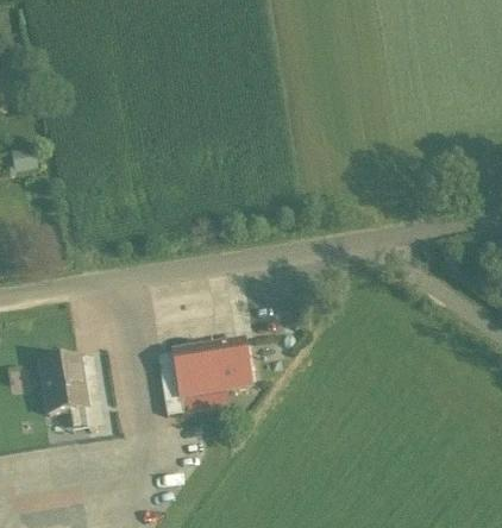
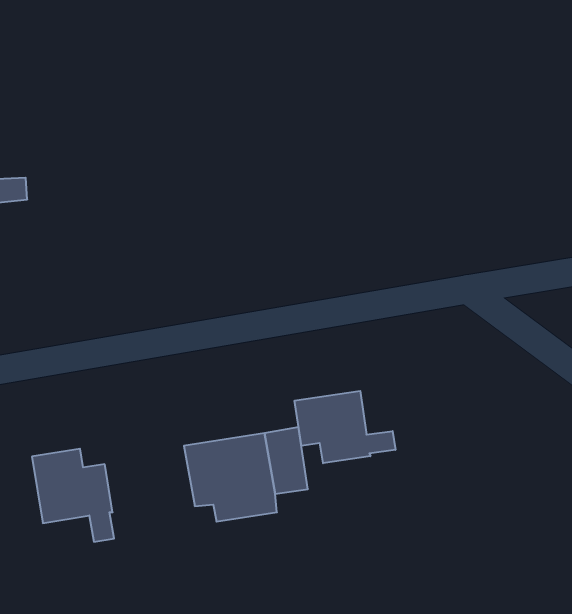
building: none -> [295,391,395,463]

